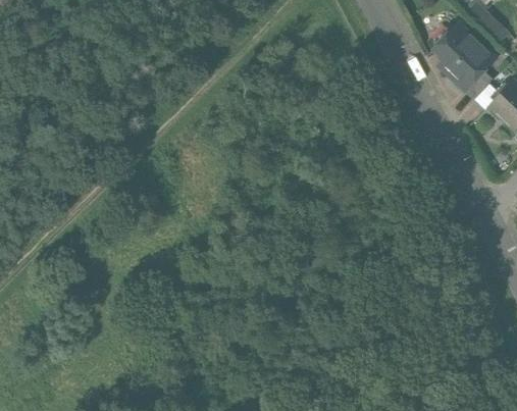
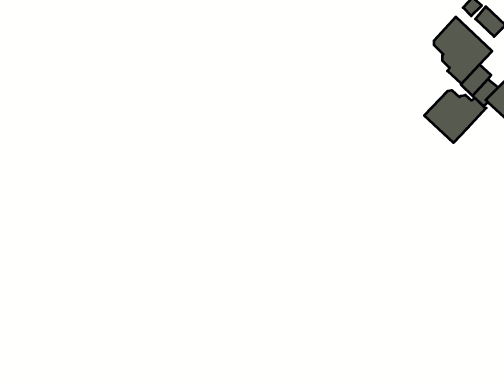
building: none -> [424,90,486,143]

